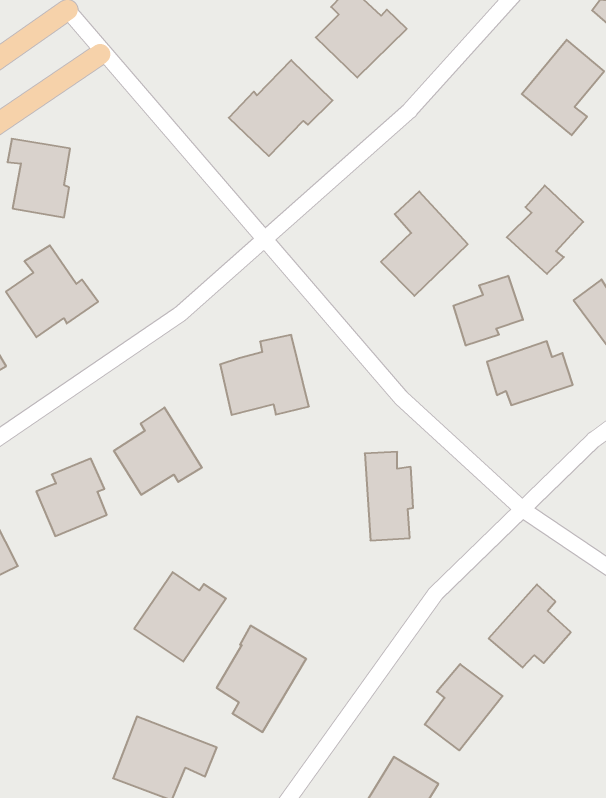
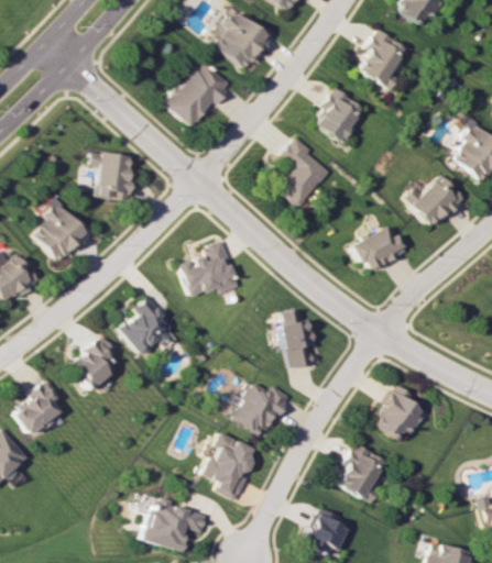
building: [7,139,70,217] -> [92,152,134,199]
building: [507,185,583,274] -> [316,87,364,144]
building: [453,276,523,346] -> none
building: [134,572,226,662] -> [231,380,288,438]

